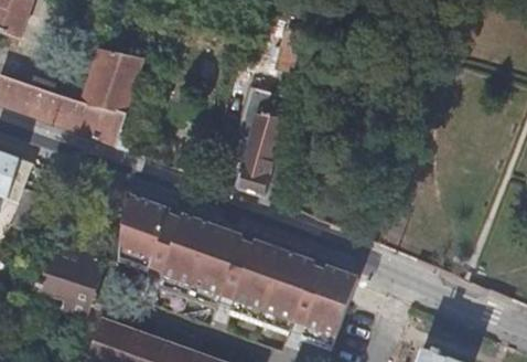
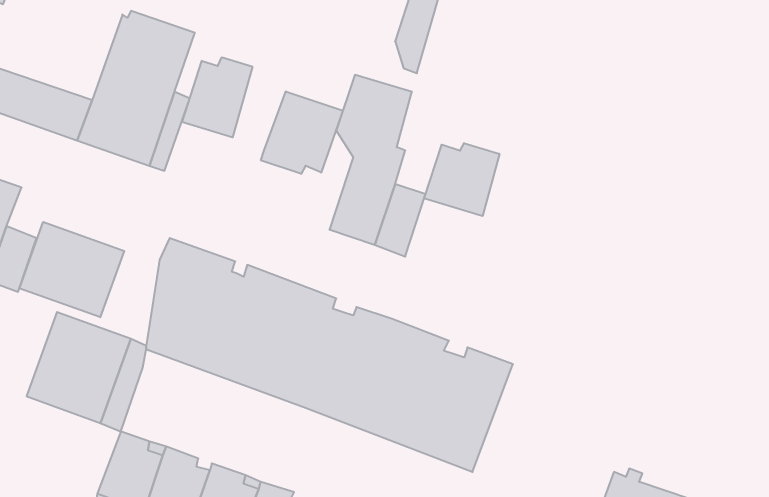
building: none -> [182,57,252,137]
building: none -> [261,91,343,174]
building: none -> [424,143,499,216]
building: none -> [19,222,124,317]

